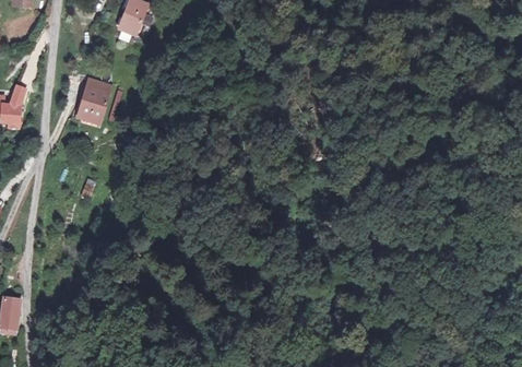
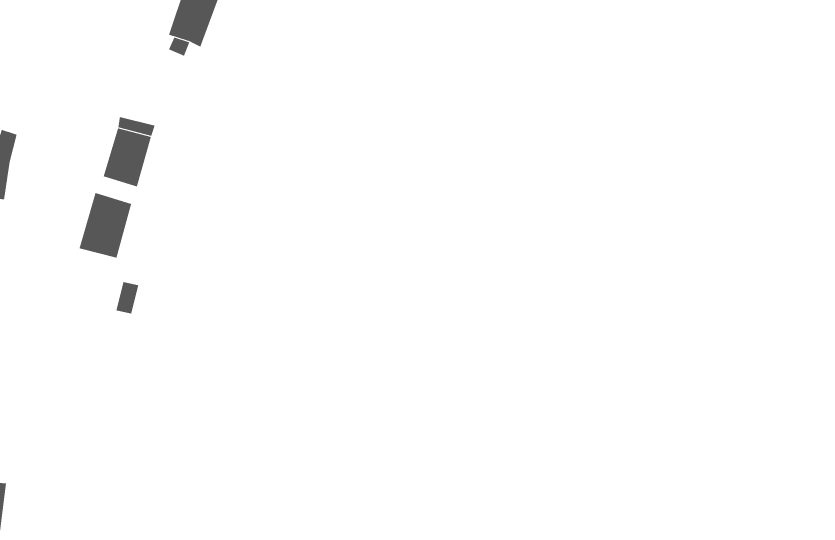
building: none -> [79,192,132,258]

